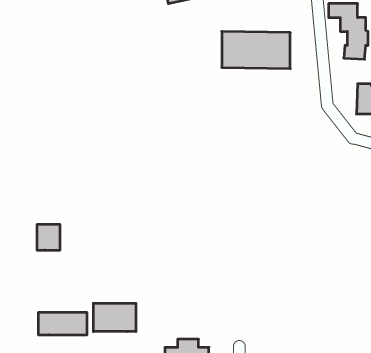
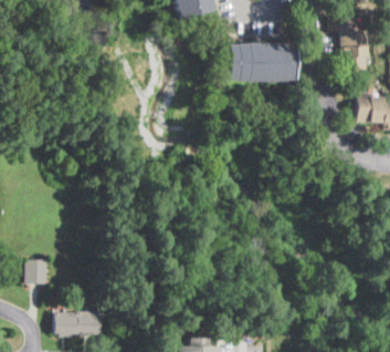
building: [37,225,60,250] -> [25,259,48,283]
building: [93,303,136,332] -> none

